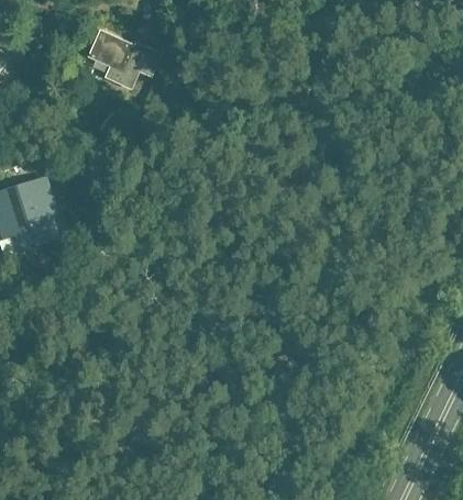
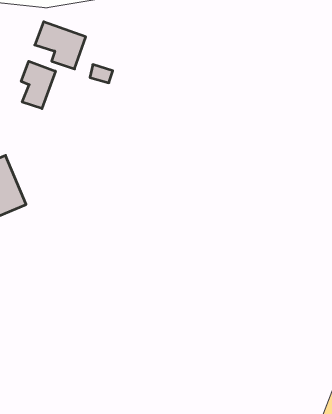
building: none -> [21,61,55,109]

